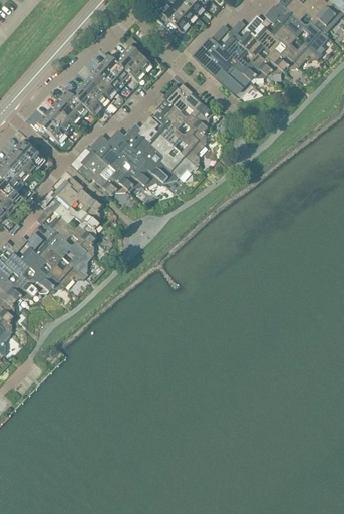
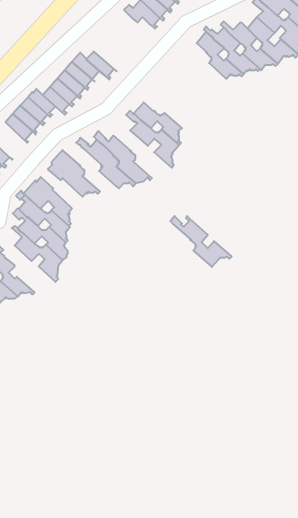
building: [122,37,151,73] -> none
building: [199,37,250,86] -> none
building: [159,82,211,128] -> none
building: [138,127,198,177] -> [170,216,232,267]
building: [89,144,145,192] -> none
building: [36,242,85,287] -> none

